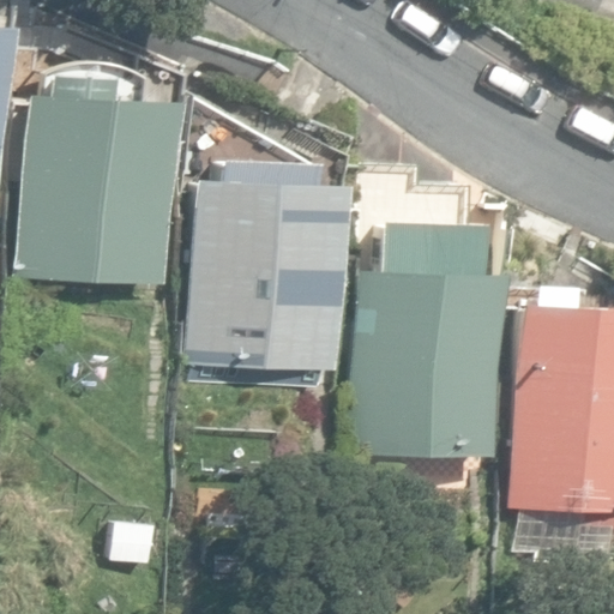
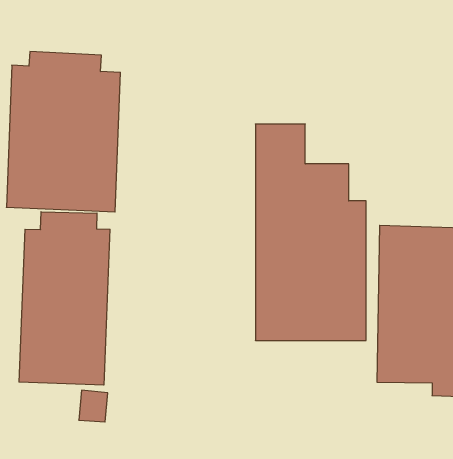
building: [189,159,339,369] -> none
building: none -> [19,212,110,385]

